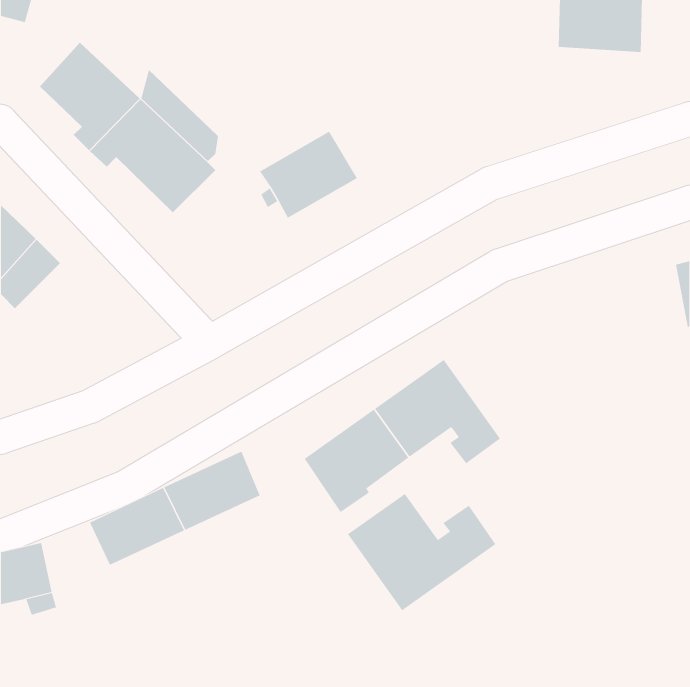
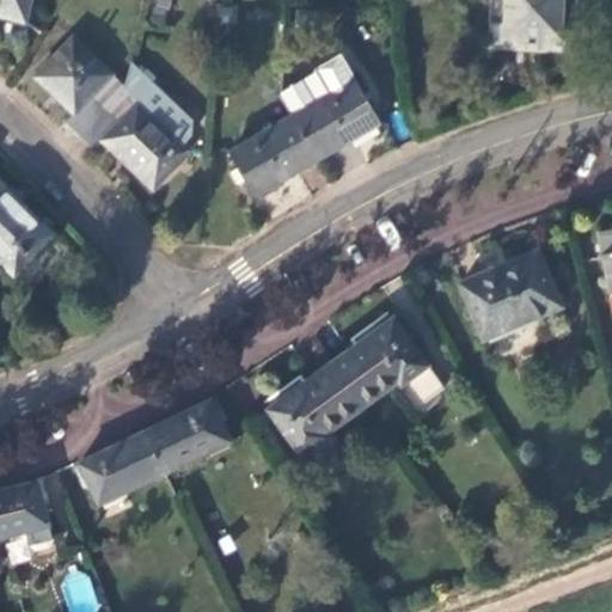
building: none -> [279,56,378,158]
building: none -> [461,253,558,338]
building: [347,493,496,611] -> none

